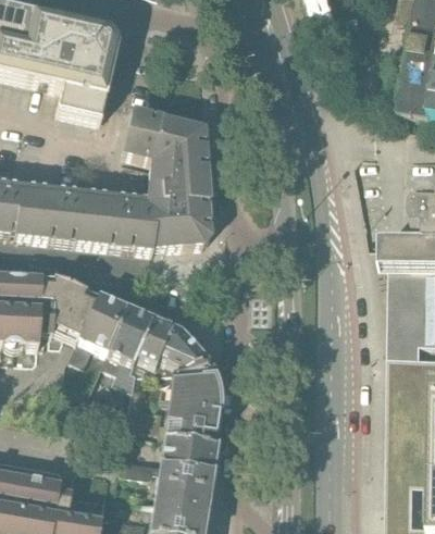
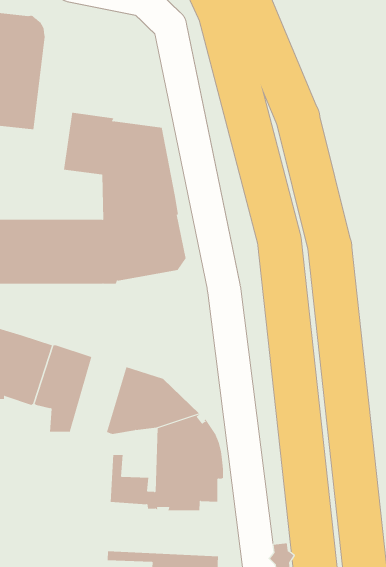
building: [105,305,156,387] -> none
building: [123,432,219,476] -> none

